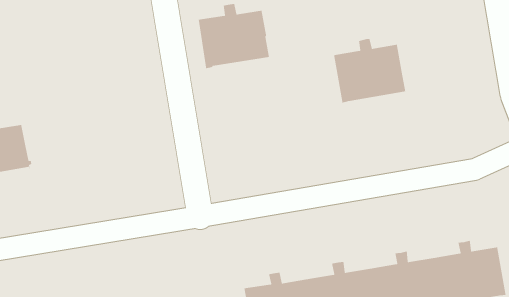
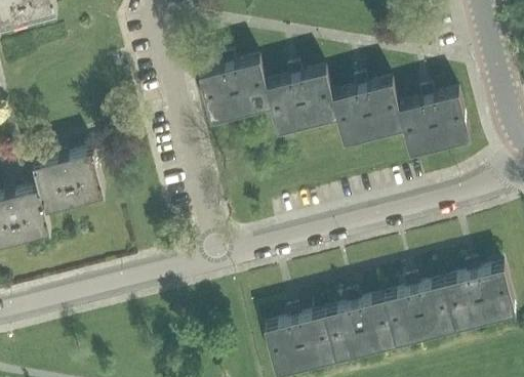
building: none -> [265,68,335,133]
building: none -> [398,90,470,156]
building: none -> [32,152,105,211]

